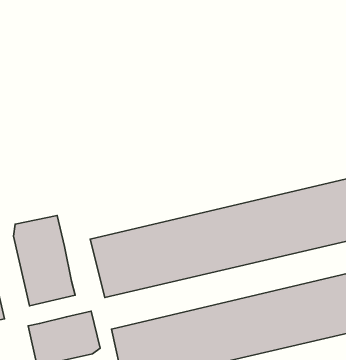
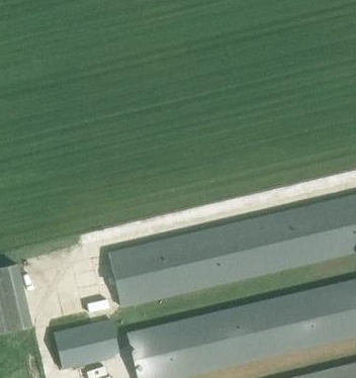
building: [14,215,75,306] -> none

